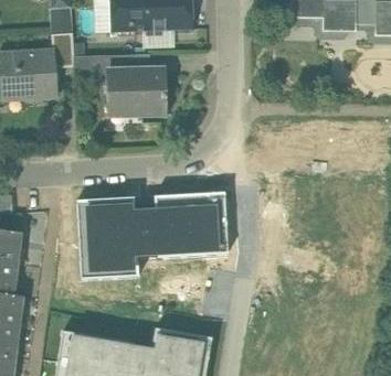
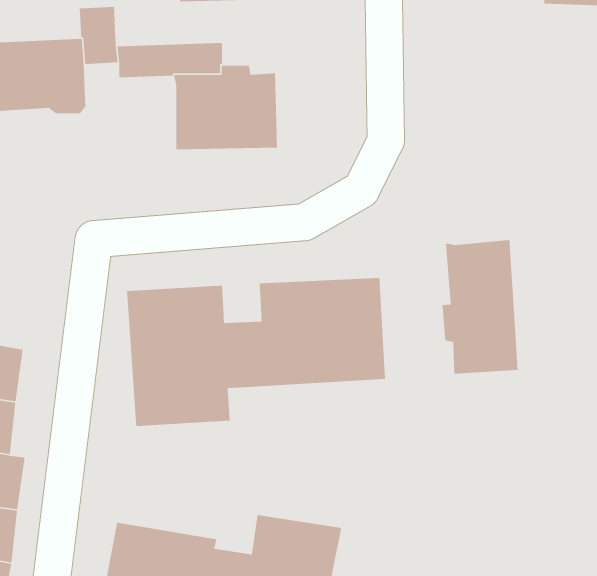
building: none -> [442,239,519,374]

